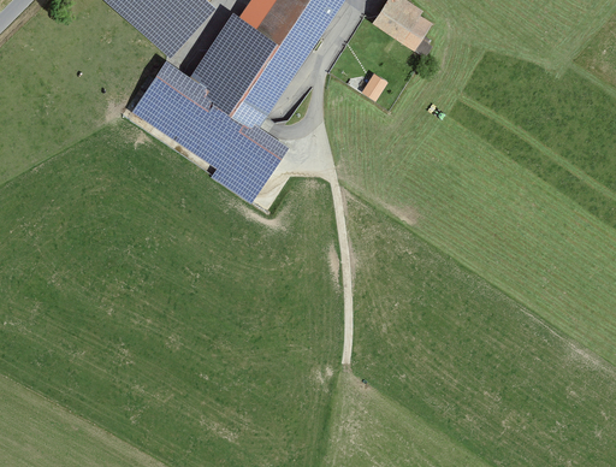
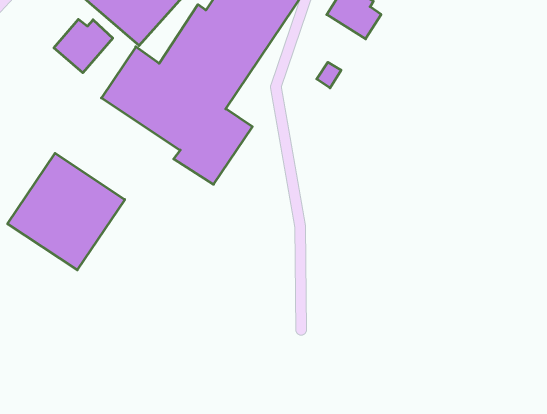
building: none -> [54,19,113,73]
building: none -> [8,153,125,270]

